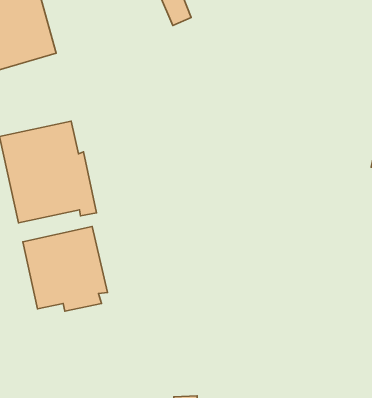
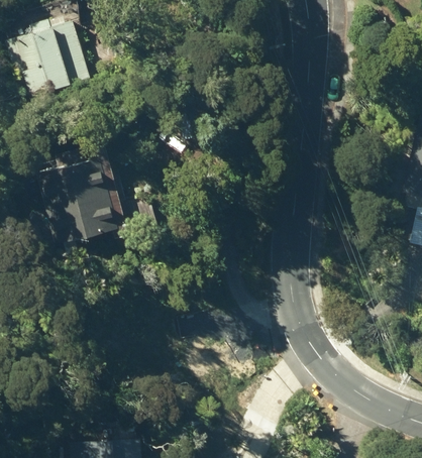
building: [23,227,107,311] -> none

